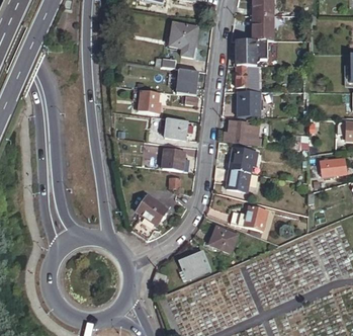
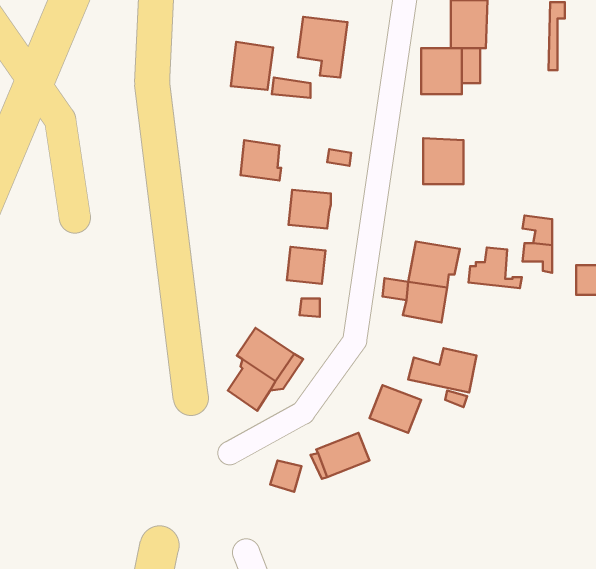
building: [237,65,262,86] -> none
building: [176,68,199,94] -> [231,42,273,90]
building: [226,119,255,142] -> [468,248,522,288]

